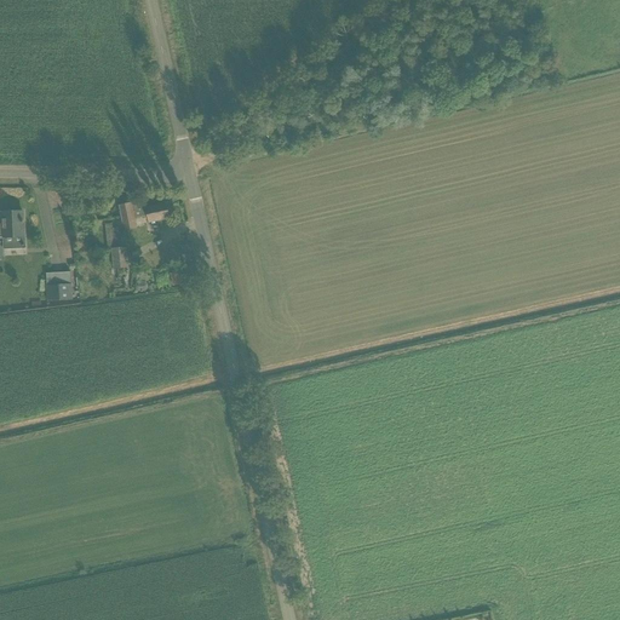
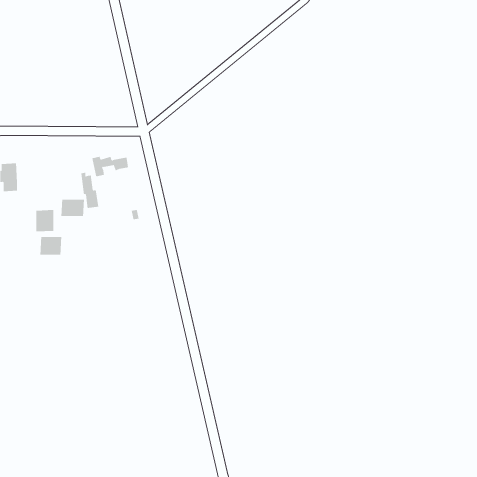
building: none -> [61,199,85,217]
building: none -> [40,236,62,255]

